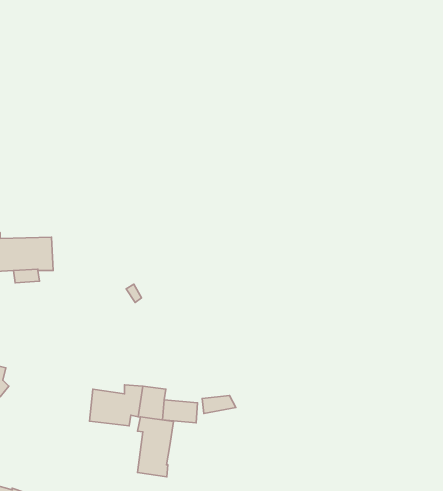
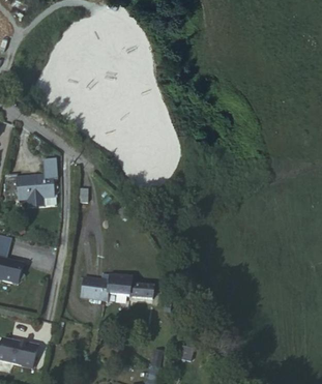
building: [137,417,174,477] -> none

